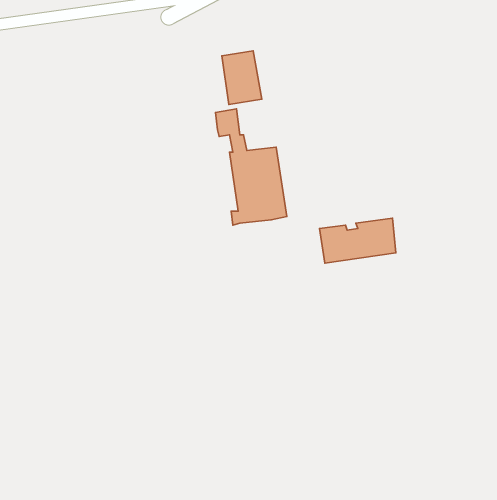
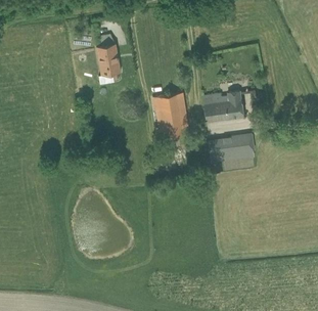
building: [222,51,262,104] -> [96,43,120,75]
building: none -> [201,90,242,121]

